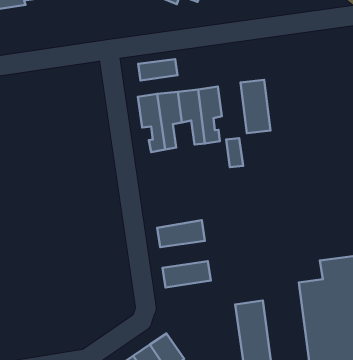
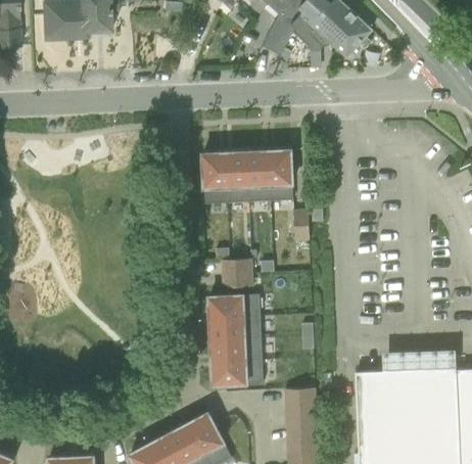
building: [138,59,177,80] -> none
building: [241,80,270,133] -> none
building: none -> [222,260,253,287]
building: none -> [210,317,261,341]
building: none -> [211,361,263,384]

